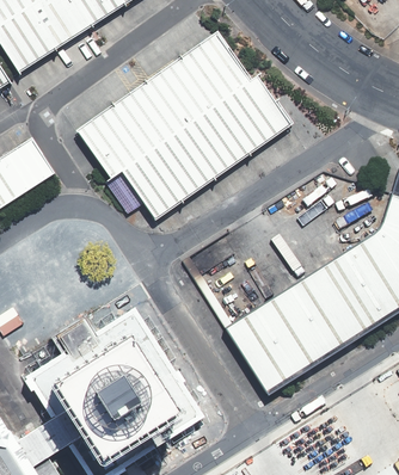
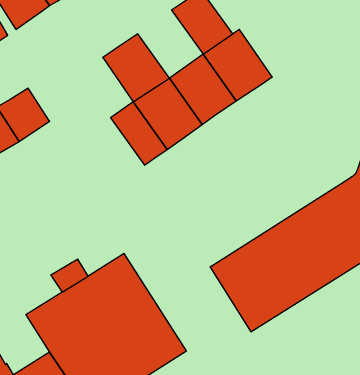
building: [148,55,217,127] -> none
building: [74,105,143,178] -> none

